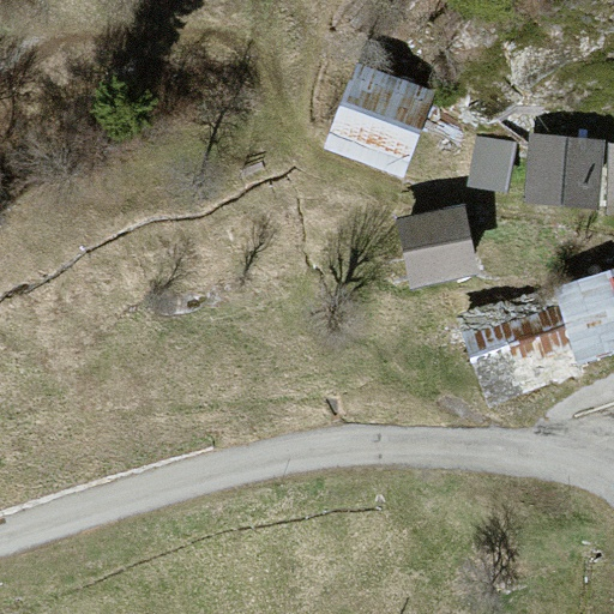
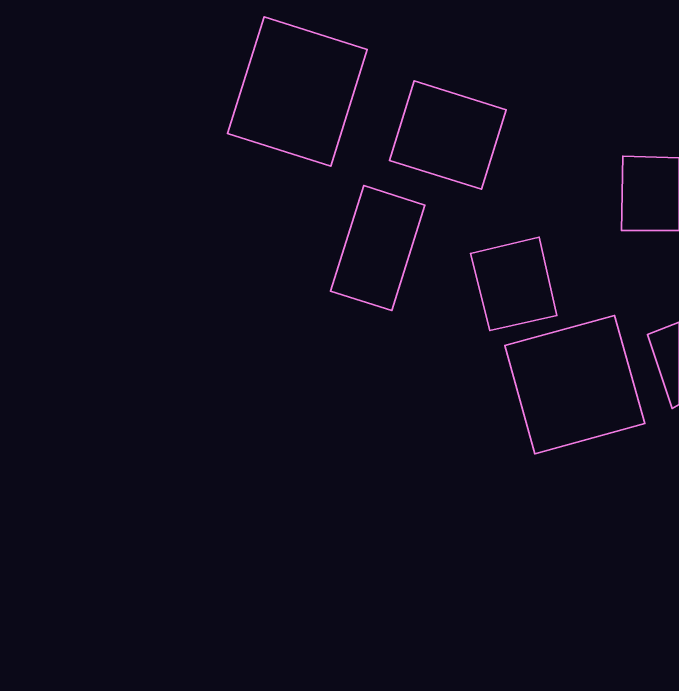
building: none -> [228,17,367,166]
building: none -> [331,186,425,311]

